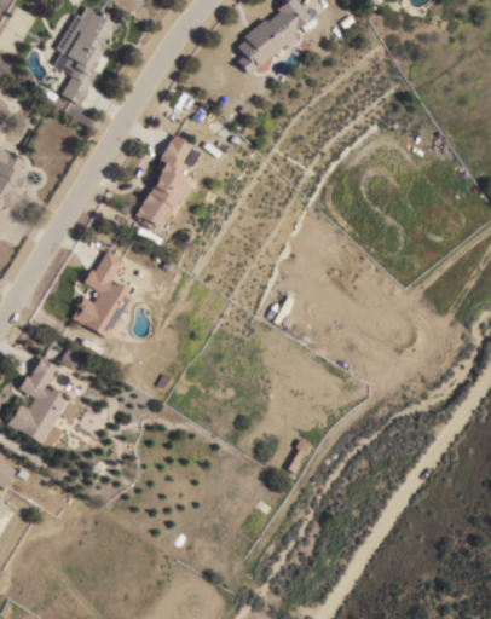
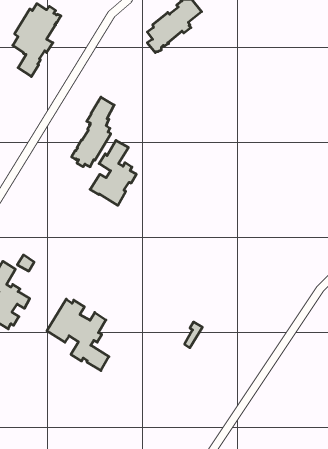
building: [71,251,134,340] -> [90,140,136,205]
building: none -> [47,299,109,371]

